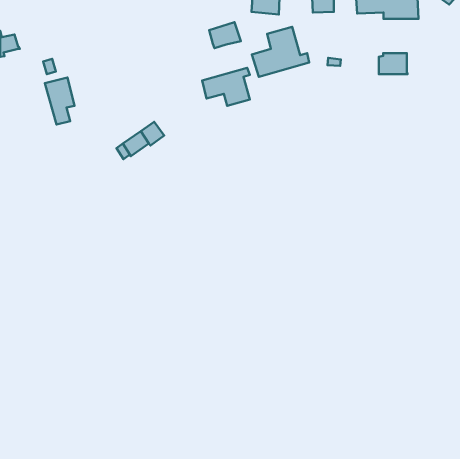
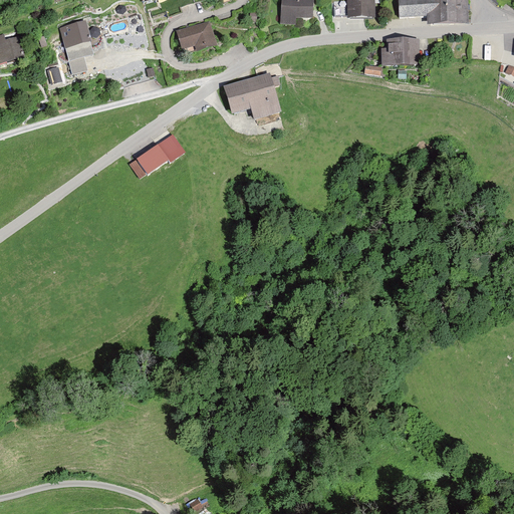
building: [209,22,241,48] -> [179,22,214,51]
building: [252,27,309,77] -> none
building: [379,53,408,74] -> [383,40,416,63]
building: [45,78,75,125] -> [61,20,94,72]

